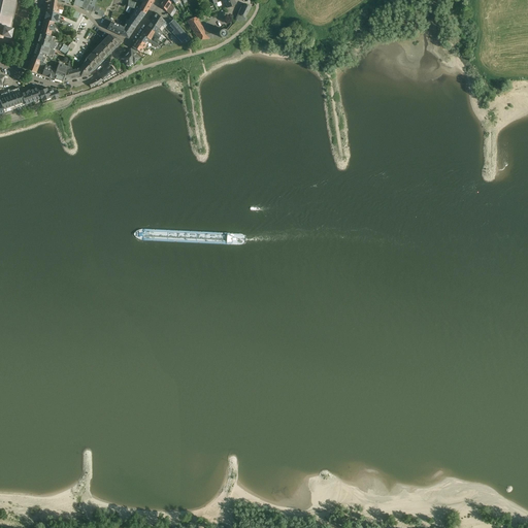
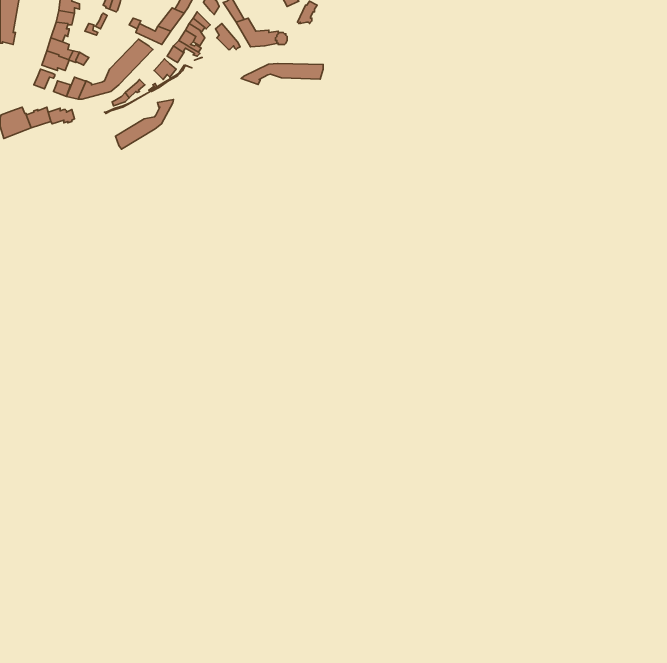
building: none -> [241,64,323,85]
building: none -> [116,100,173,149]

